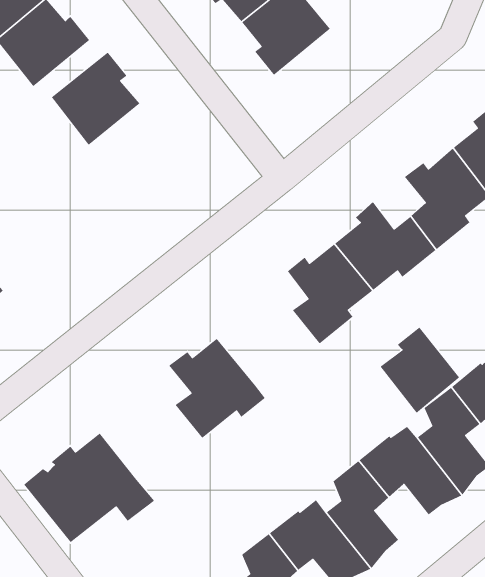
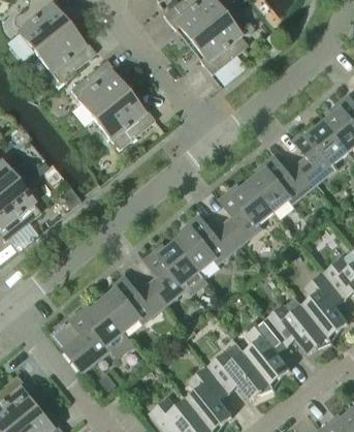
building: none -> [93,92,154,149]
building: none -> [174,215,239,271]
building: [380,326,460,414] -> none
building: none -> [100,275,165,331]

